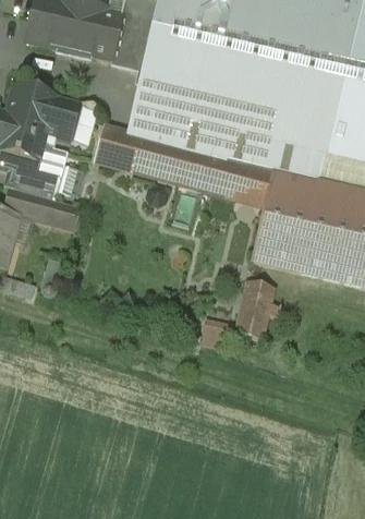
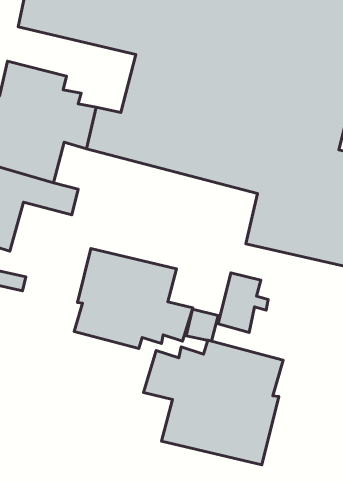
building: none -> [74,249,193,348]
building: none -> [143,340,283,465]

